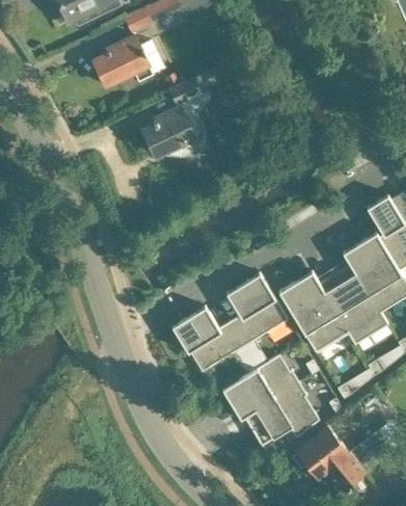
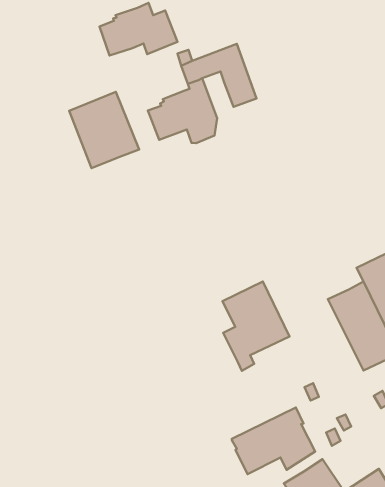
building: none -> [69,92,139,168]
building: [278,271,356,353] -> none
building: [171,307,248,372] -> none
building: [222,354,299,420] -> none

